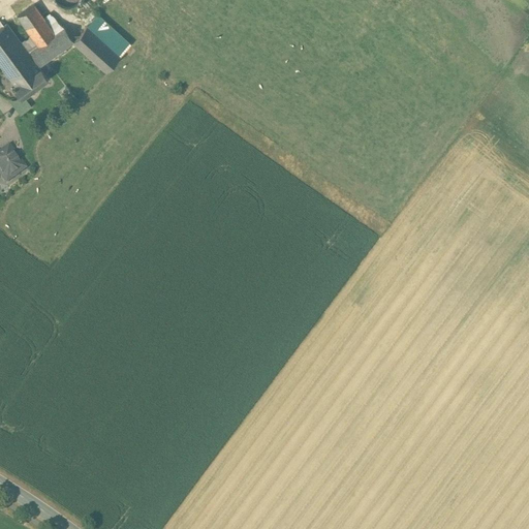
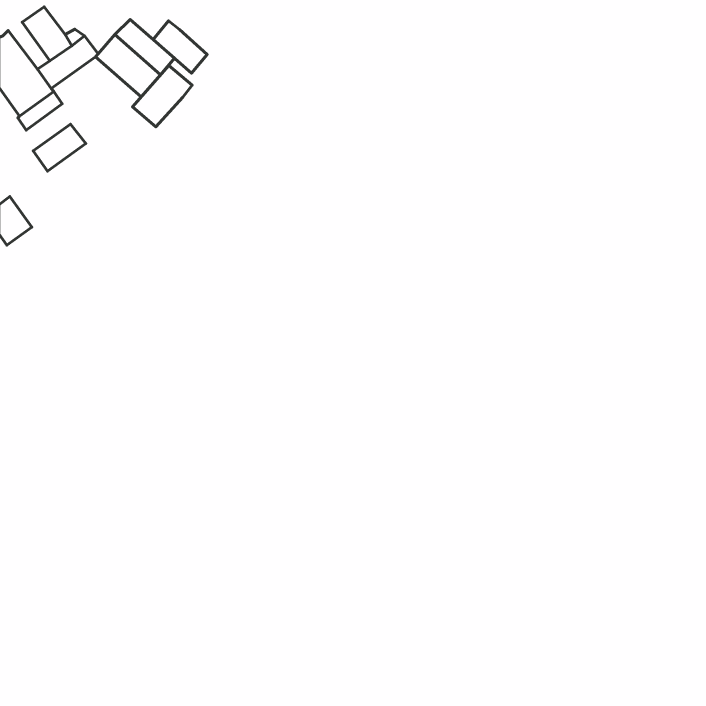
building: none -> [153,21,207,73]
building: none -> [132,65,192,127]
building: none -> [33,124,86,171]

